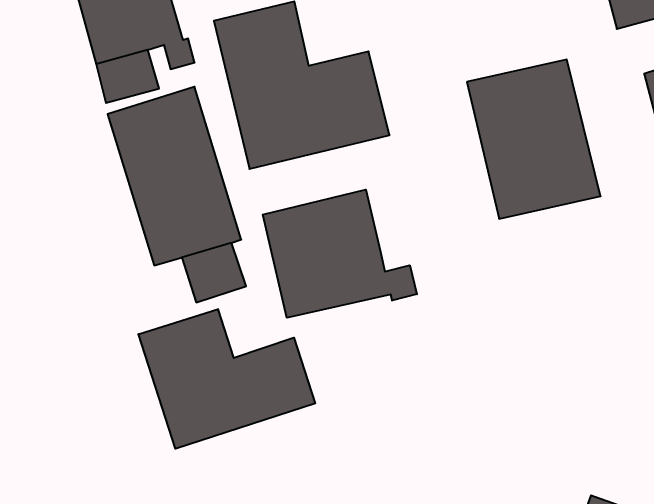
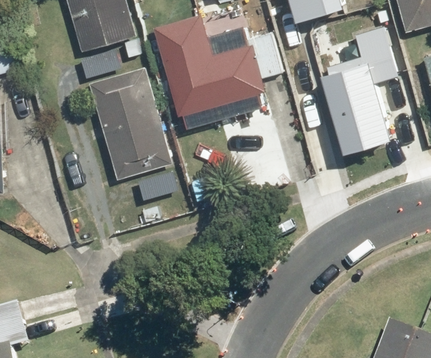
building: [263,190,417,318] -> none
building: [138,309,315,449] -> none

